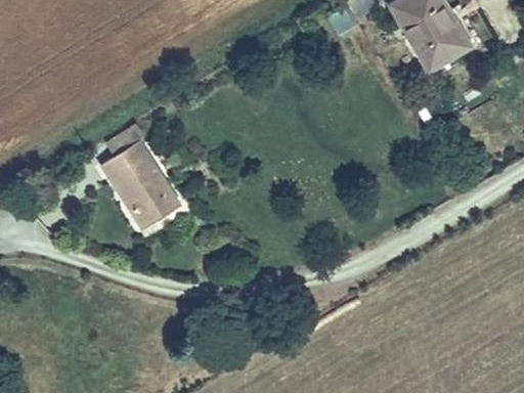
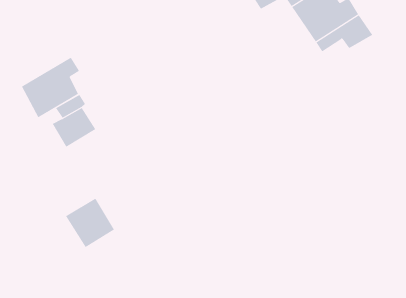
building: none -> [21,57,80,118]
building: [123,166,181,224] -> [65,198,115,248]

